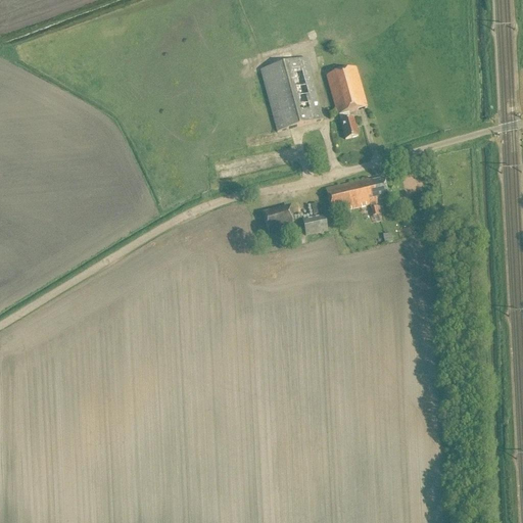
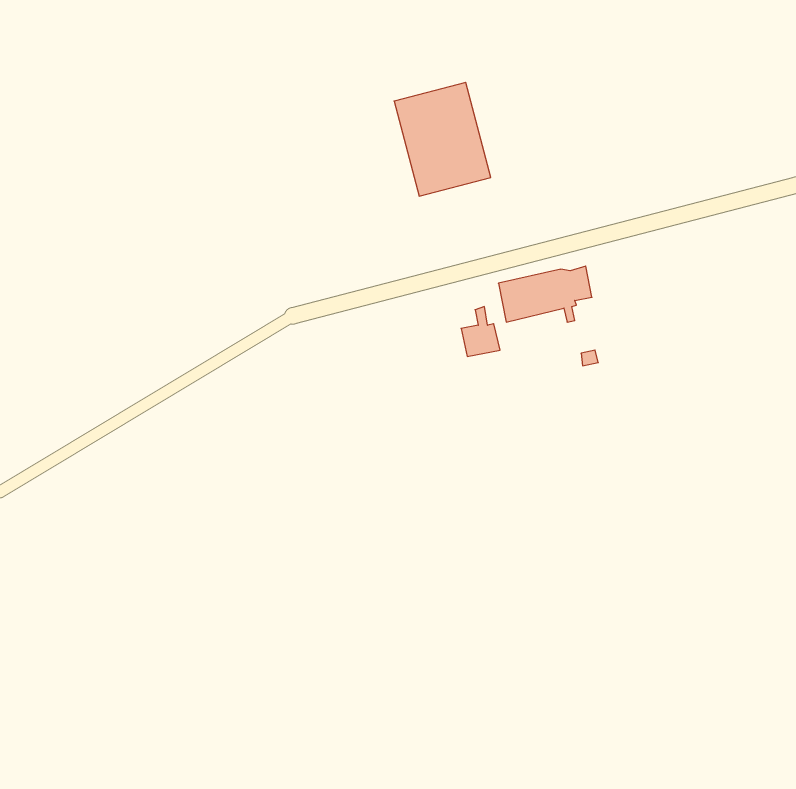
building: [327,66,368,136] -> none
building: [258,203,292,231] -> none

